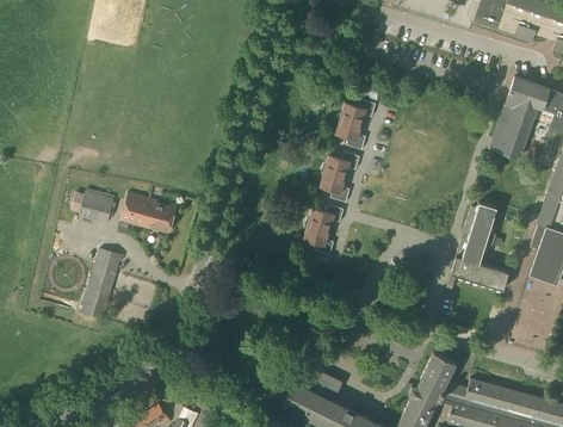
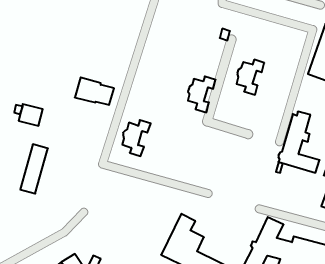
building: [336,99,376,149] -> [237,60,264,95]
building: [120,192,177,231] -> [75,77,114,105]
building: [304,204,345,255] -> [122,120,151,156]

